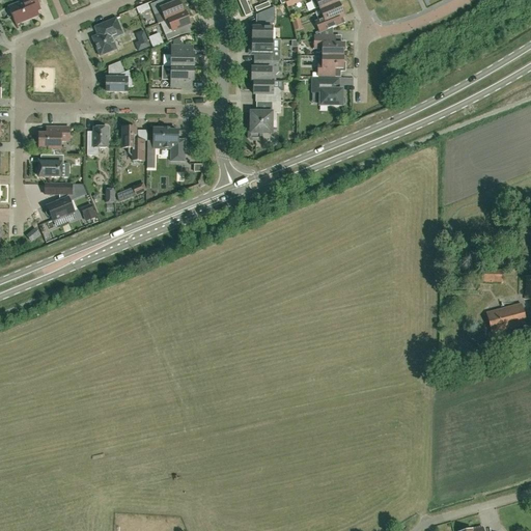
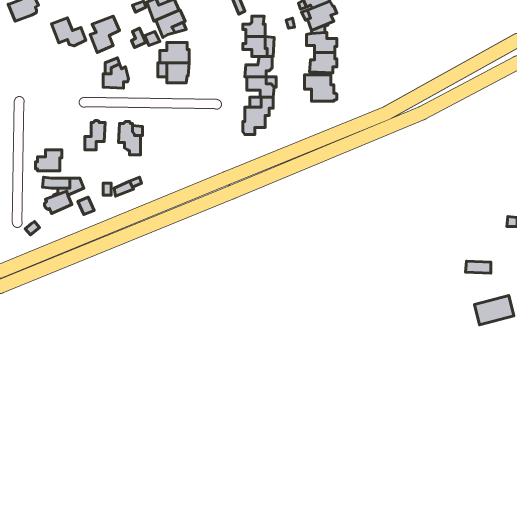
building: none -> [52,18,86,46]
building: [152,124,186,160] -> none
building: [37,125,69,146] -> none

